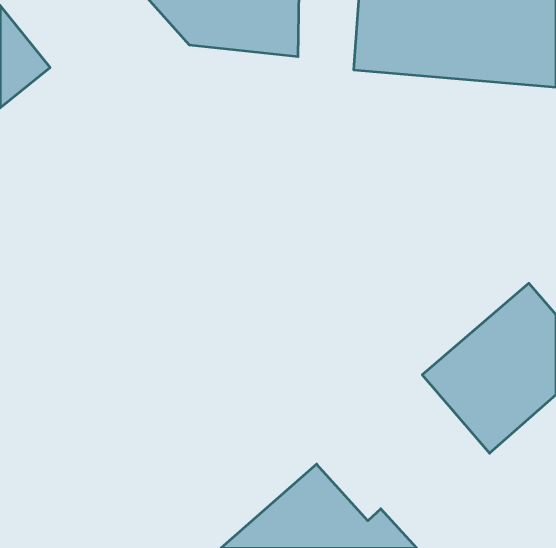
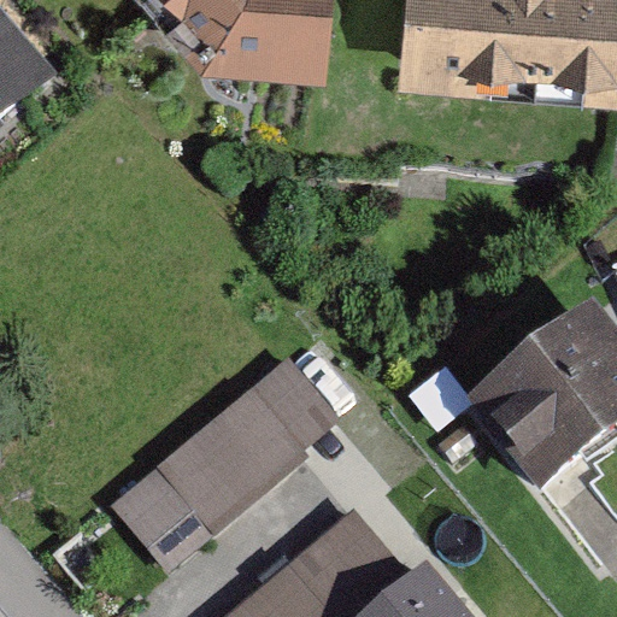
building: none -> [107,358,341,574]

